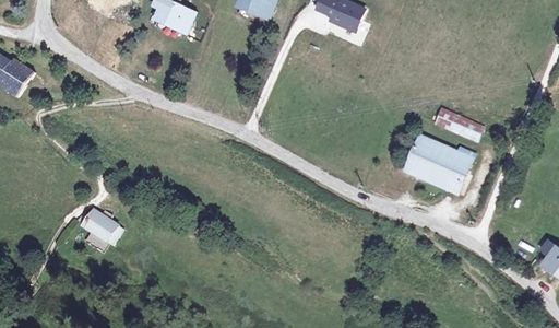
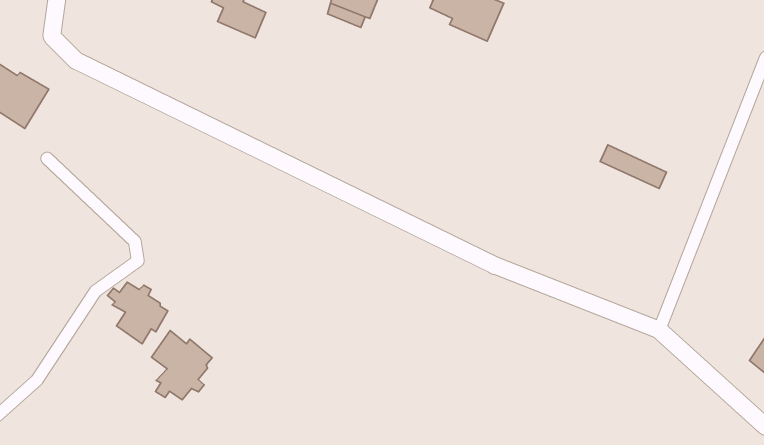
building: [406,136,474,191] -> none
building: none -> [151,331,212,400]

